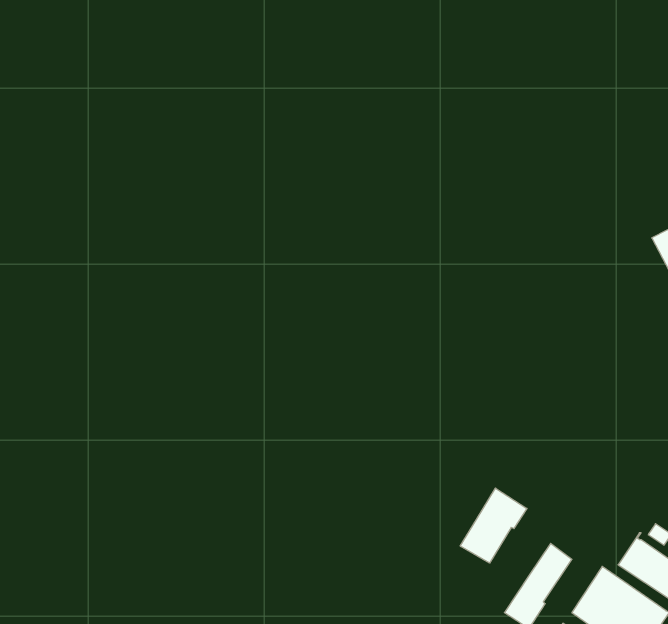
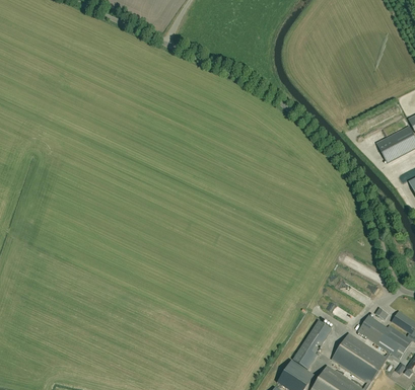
building: [460,488,527,563] -> none

